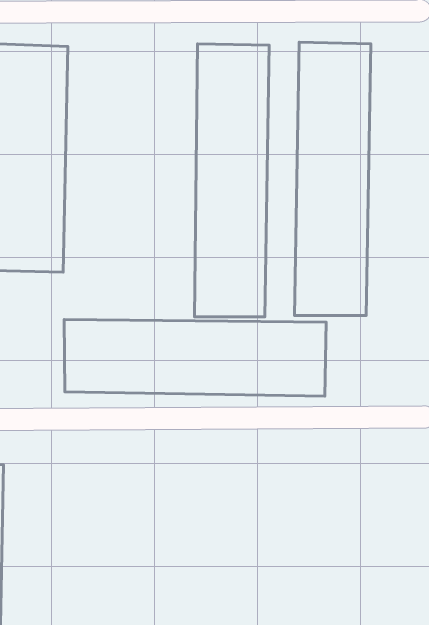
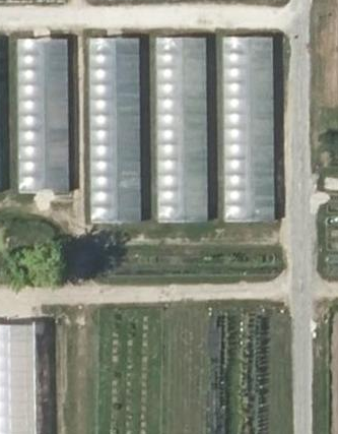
building: none -> [87,37,136,223]
building: [64,319,326,396] -> none

